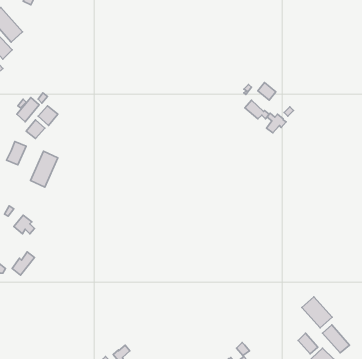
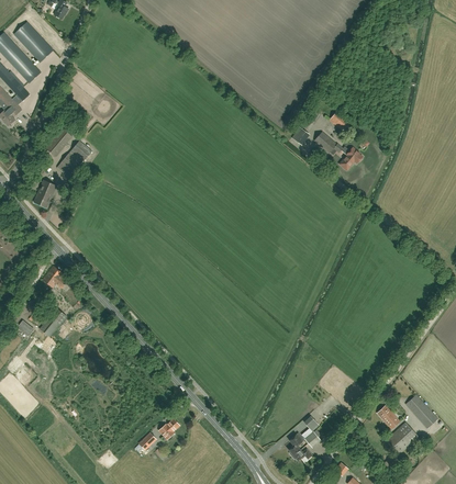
building: [30,151,58,187] -> none
building: [302,297,332,328] -> none

